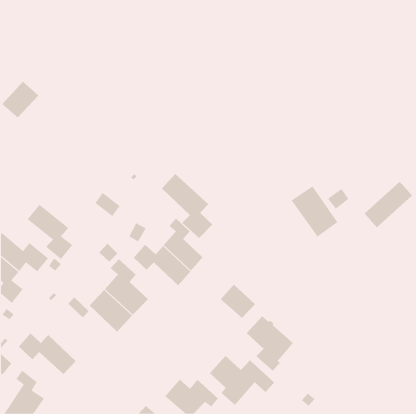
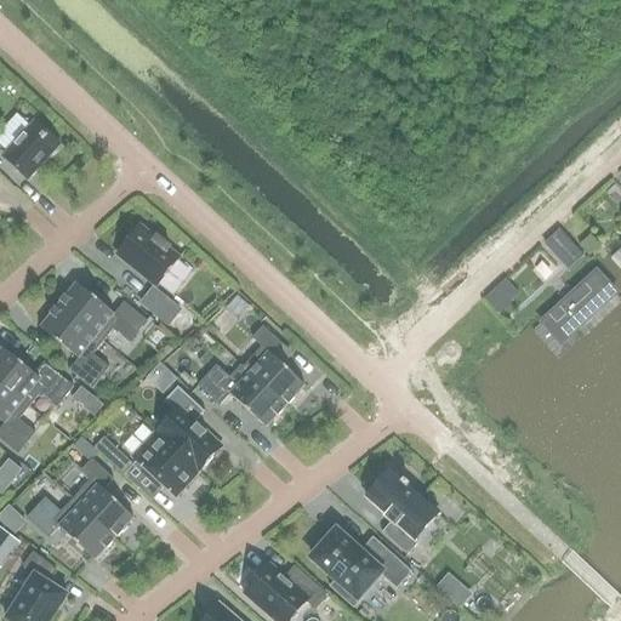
building: none -> [118,226,177,283]
building: none -> [545,228,583,268]
building: [161,173,213,239] -> none
building: [291,185,338,237] -> none
building: none -> [58,281,147,340]
building: [220,284,256,319] -> none
building: none -> [72,457,133,537]

